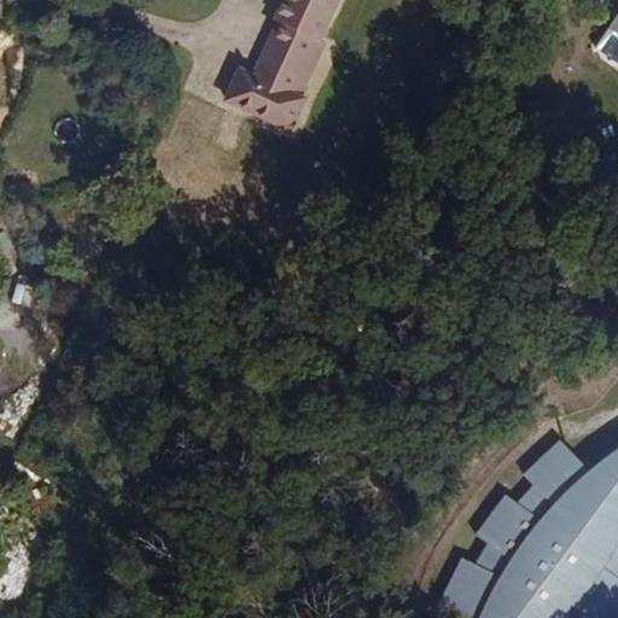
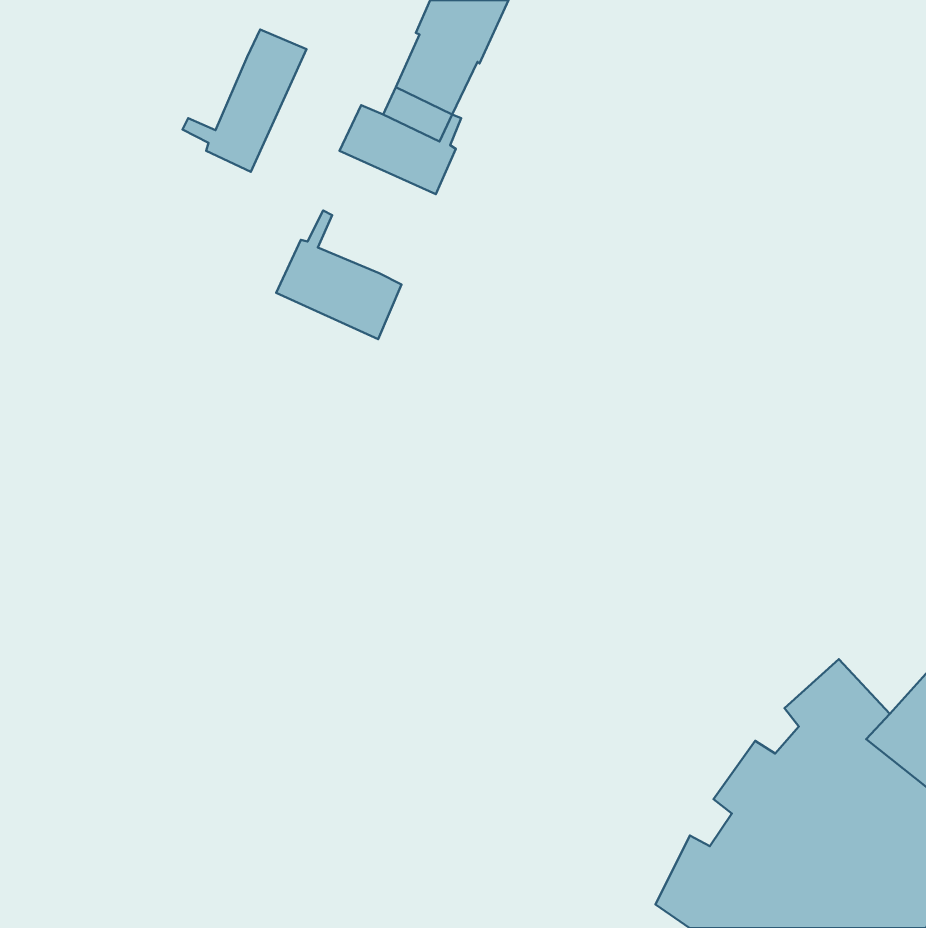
building: none -> [183,30,306,172]
building: none -> [276,210,402,339]

